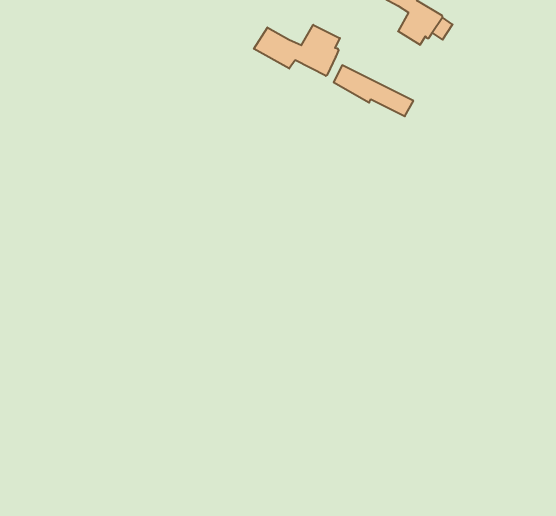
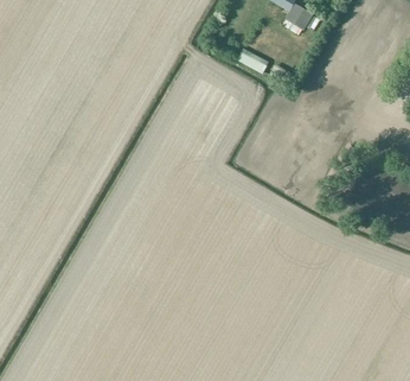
building: [254,25,340,76] -> none

